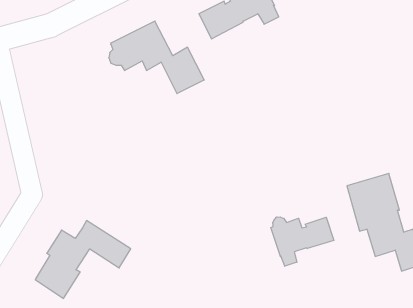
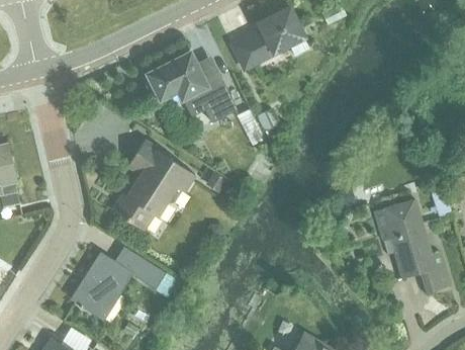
building: none -> [112,141,195,231]
building: [271,217,334,266] -> none

